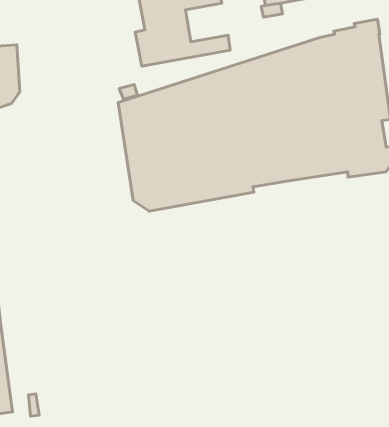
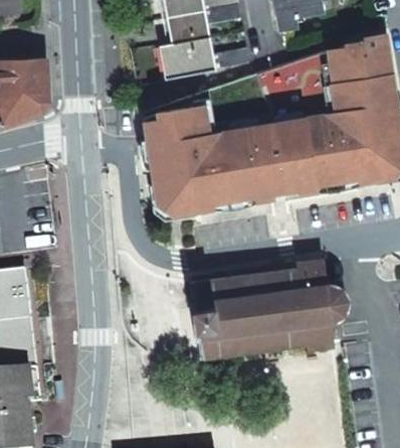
building: none -> [188,260,347,361]

